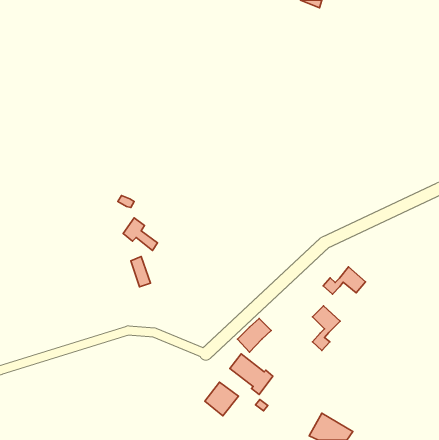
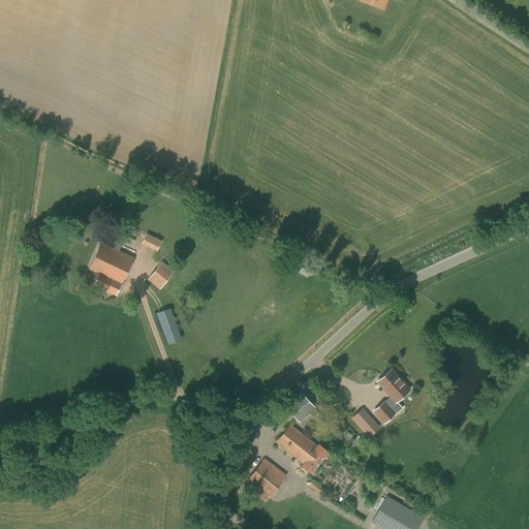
building: none -> [90,243,133,295]
building: [323,267,366,294] -> none
building: none -> [352,407,381,436]

